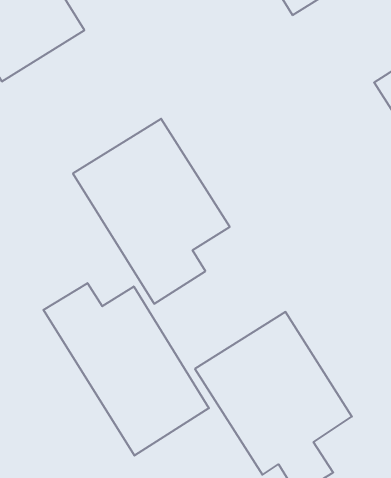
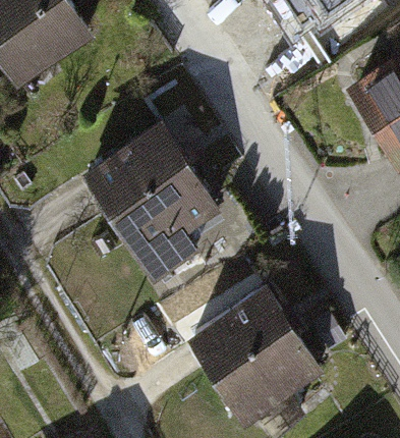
building: [43,283,209,456] -> none

